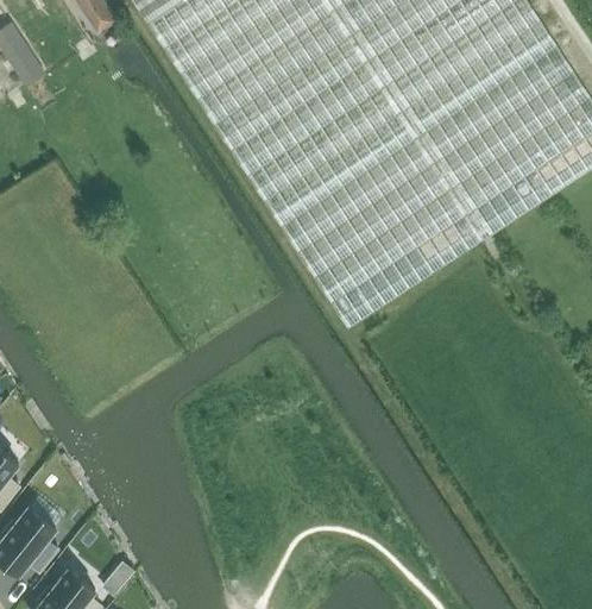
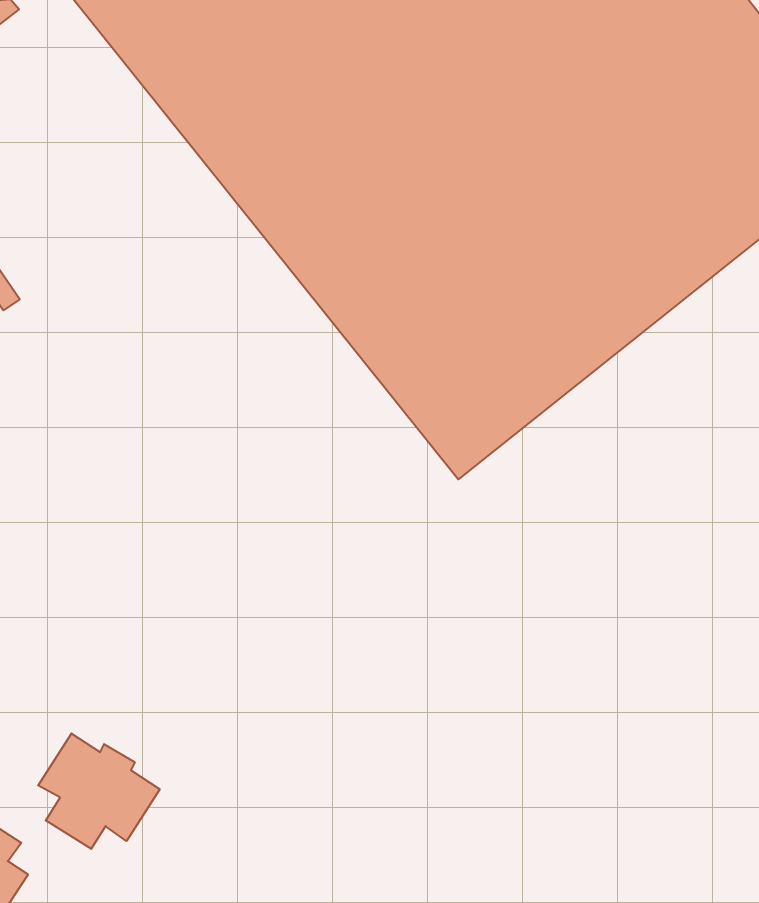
building: none -> [38,733,160,849]

